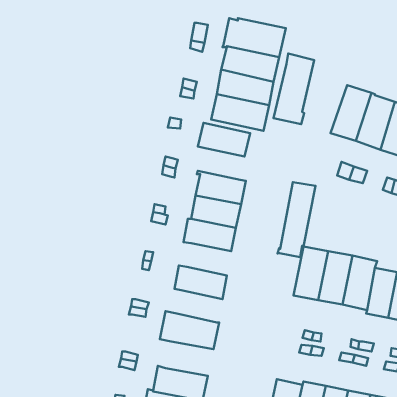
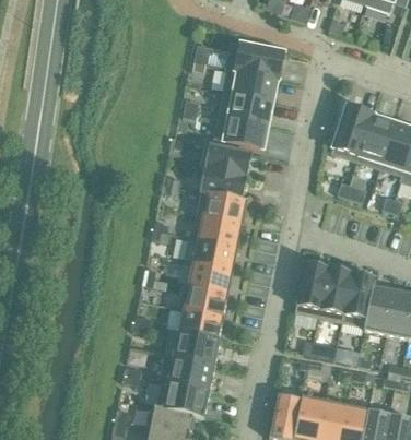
building: [274,53,314,124] -> none
building: none -> [200,167,246,199]
building: [278,182,316,257] -> none
building: none -> [189,261,233,293]
building: none -> [179,307,224,338]
building: none -> [157,355,215,391]

